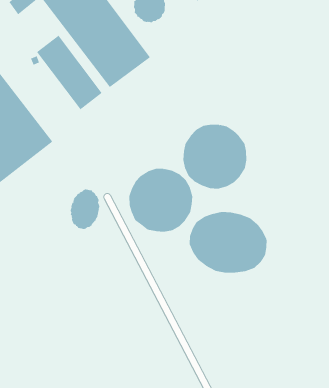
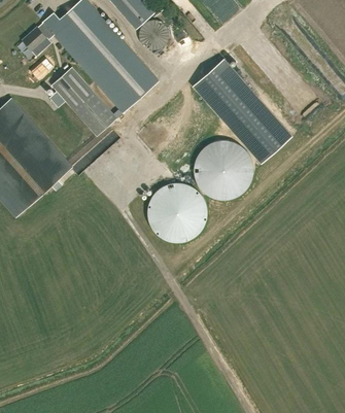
building: none -> [193,58,292,163]
building: [70,189,100,230] -> none
building: [189,211,267,273] -> none

